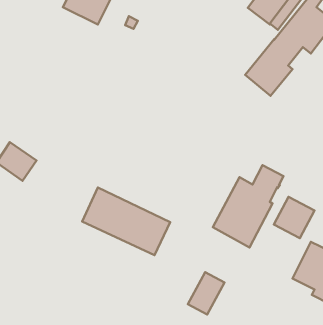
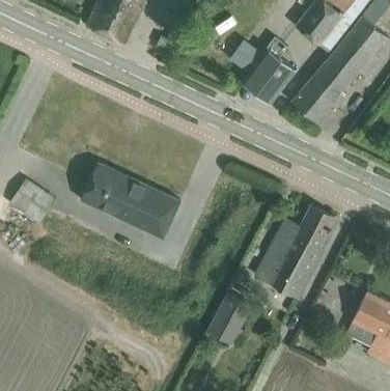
building: none -> [236,36,297,103]
building: [82,188,170,255] -> [81,161,180,238]
building: [274,197,315,238] -> none
building: [188,272,224,314] -> [210,294,251,341]

